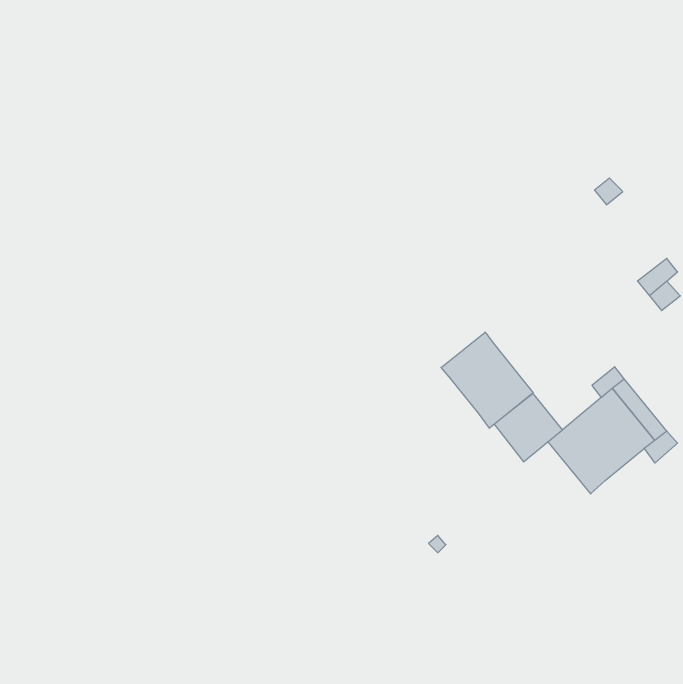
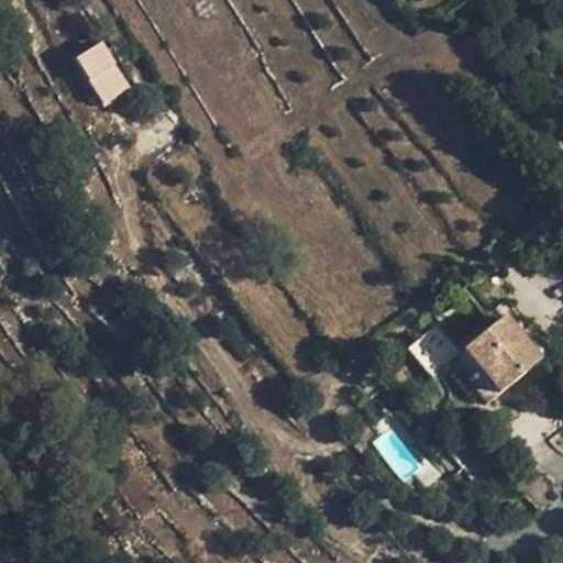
building: none -> [73,40,131,104]
building: [441,332,533,428] -> none

